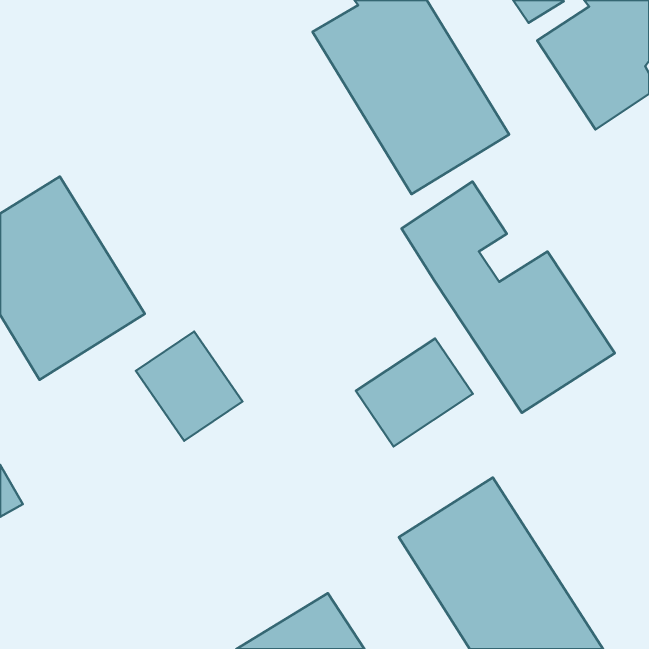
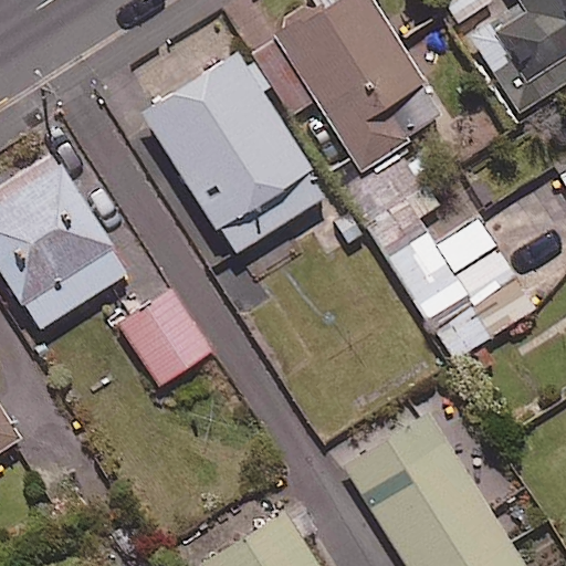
building: none -> [143,54,325,255]
building: [356,338,473,446] -> none

